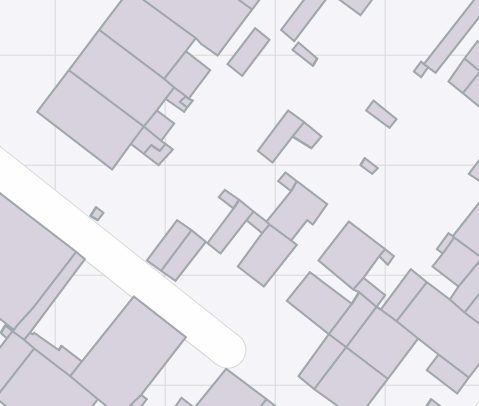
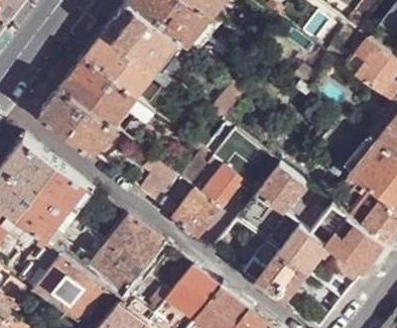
building: none -> [40,88,118,154]
building: none -> [172,190,220,238]

